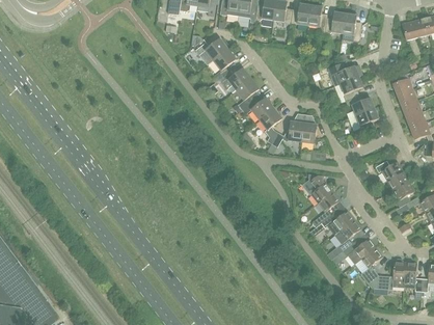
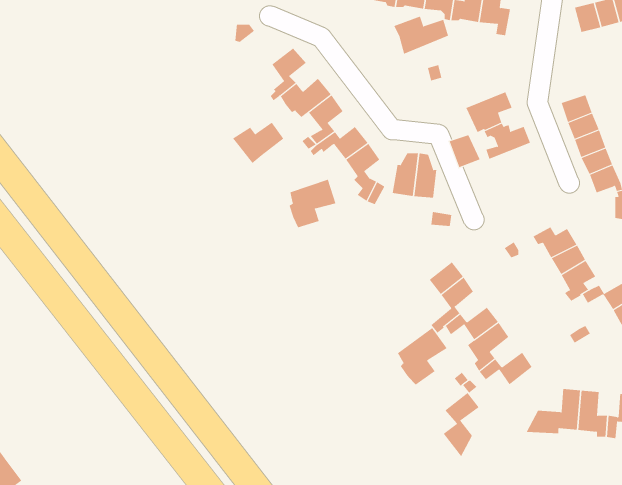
building: [194,37,226,63] -> [232,122,284,164]
building: [327,61,361,85] -> [394,16,449,54]
building: [348,107,378,133] -> none
building: none -> [289,179,336,228]
building: none -> [397,327,447,386]
building: [359,246,382,287] -> [443,392,479,457]

